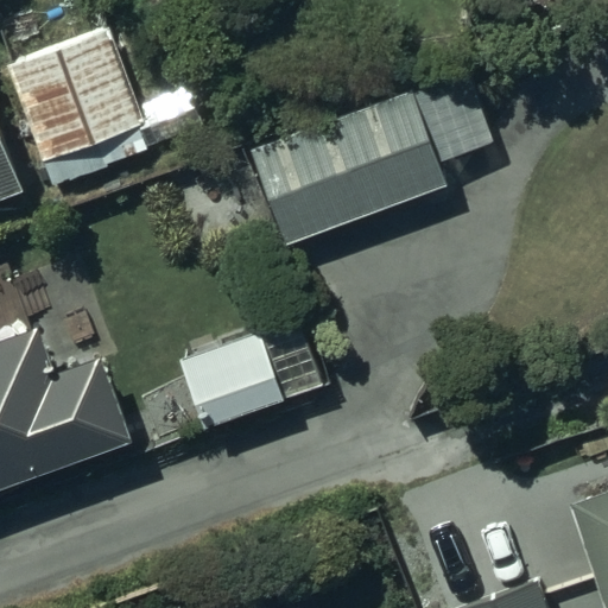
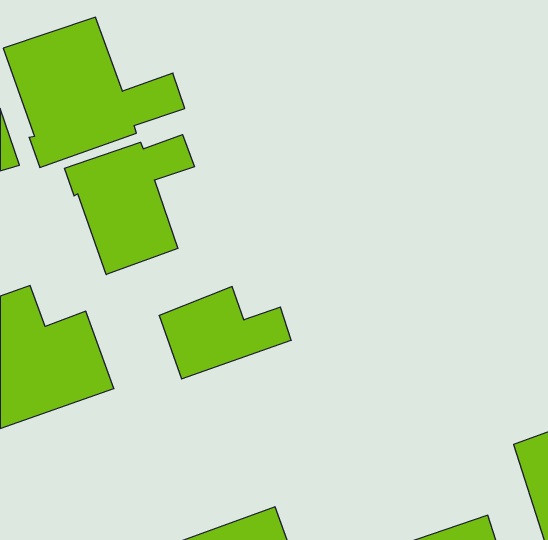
building: [247,90,494,253] -> none
building: none -> [64,135,194,275]

